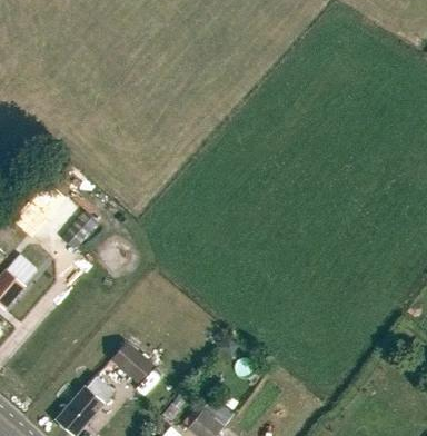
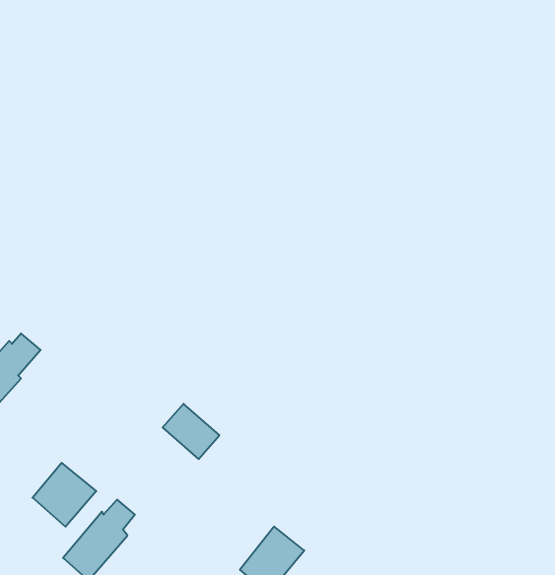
building: [110,343,152,384] -> [163,404,219,459]
building: none -> [32,463,96,527]

